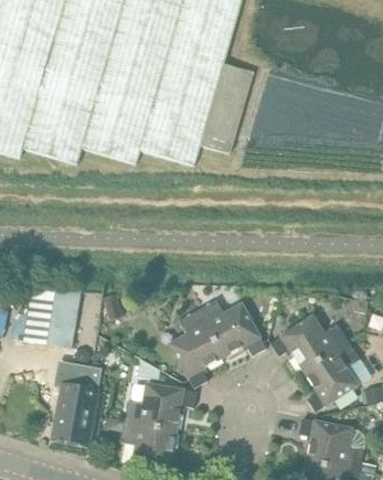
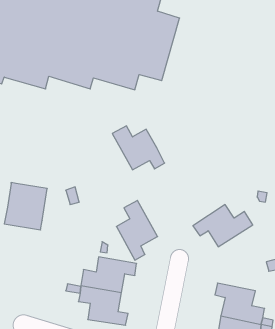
building: [198,299,266,356] -> [112,126,165,170]
building: [52,335,98,447] -> none
building: [304,341,360,412] -> none

